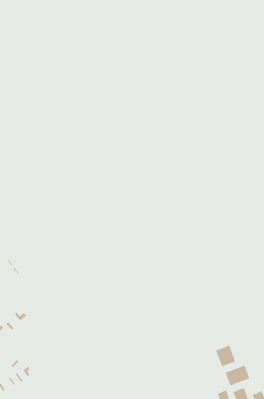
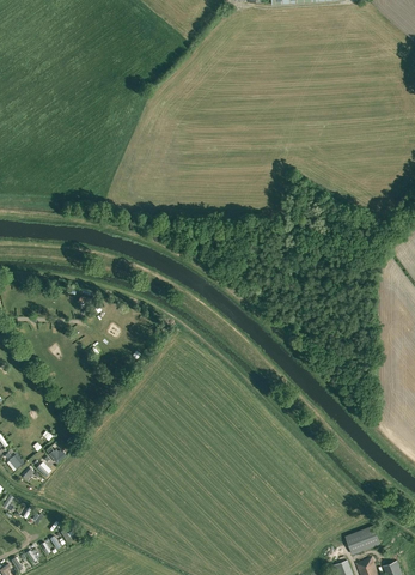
building: [216,345,236,367] -> none

